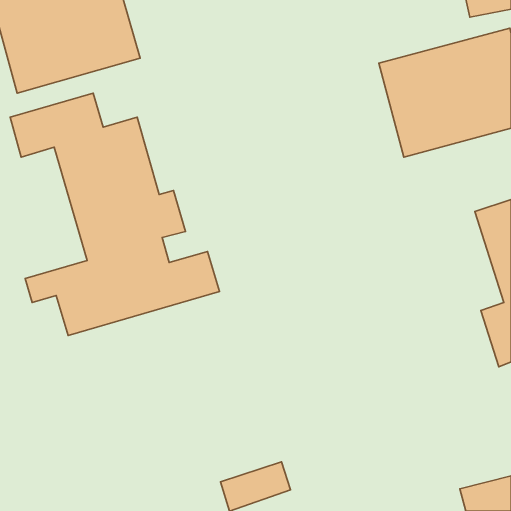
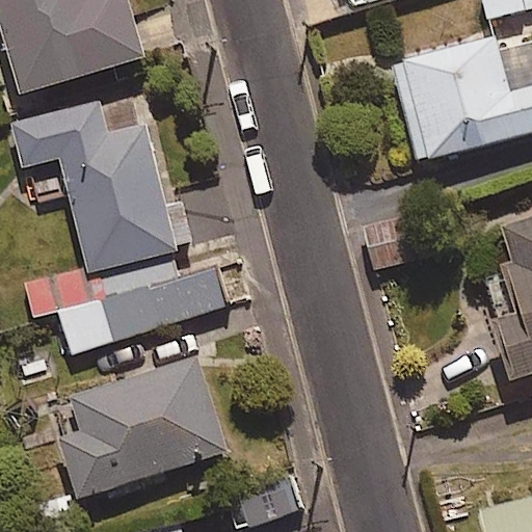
building: none -> [59,360,227,498]

